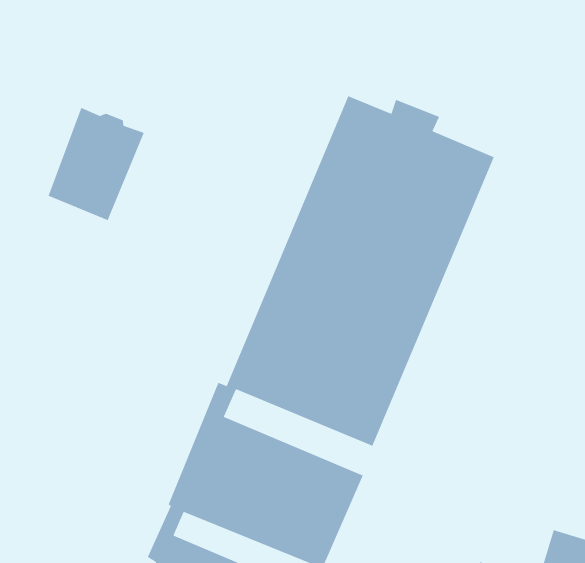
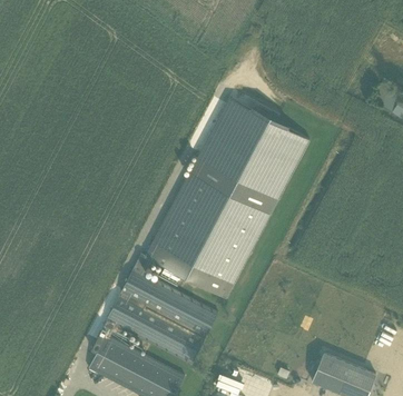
building: [48,107,145,221] -> none

